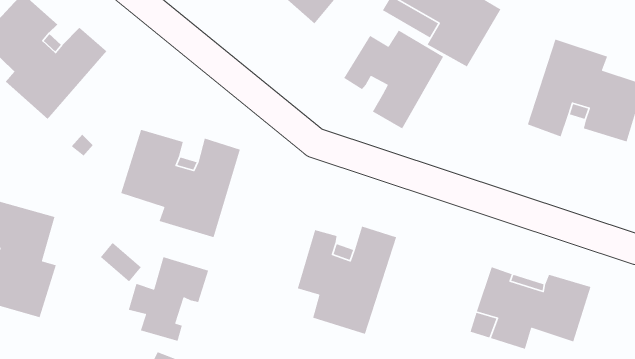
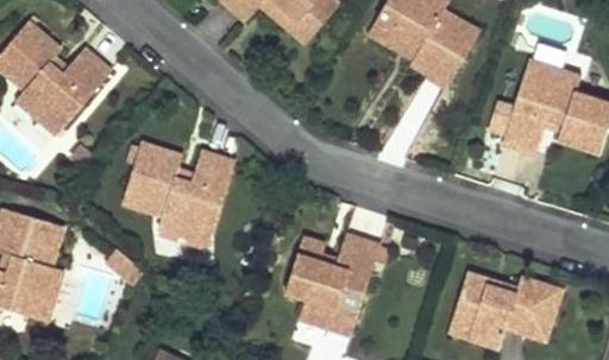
building: [343,30,444,130] -> none
building: [128,256,209,342] -> none

